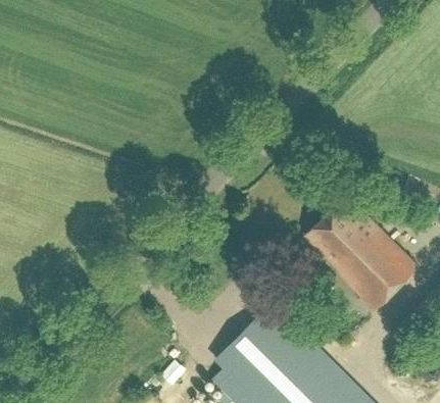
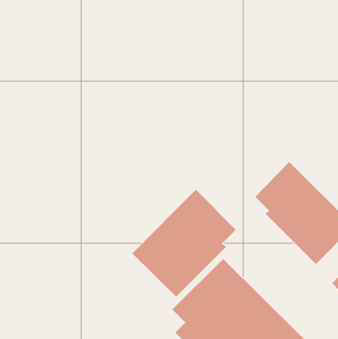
building: none -> [132,189,236,298]

